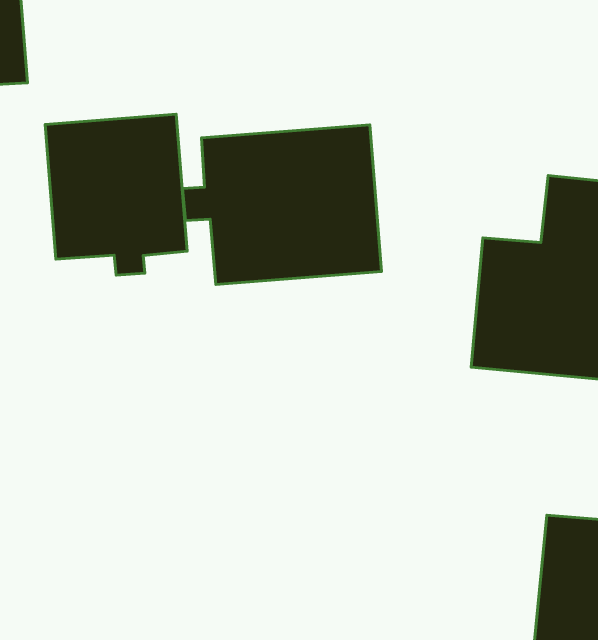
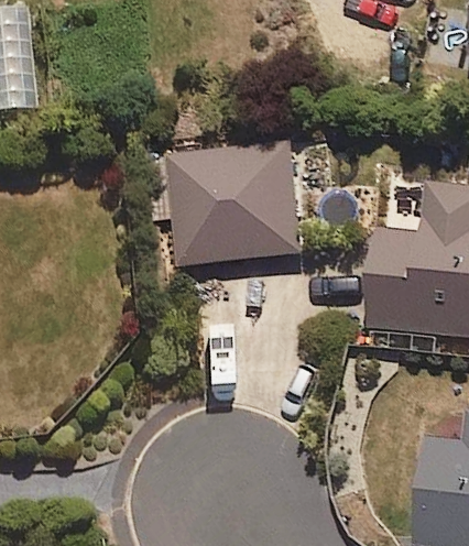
building: [45,114,187,275] -> none

